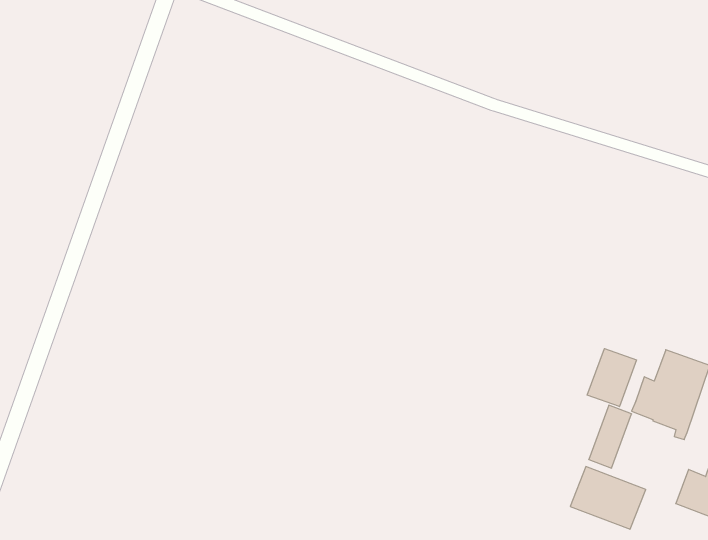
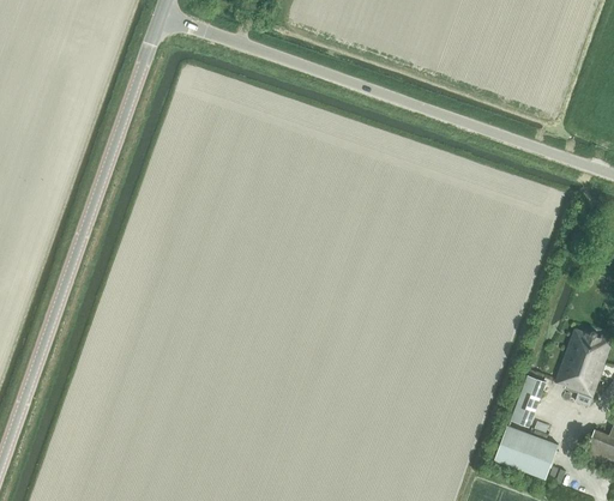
building: [587,349,637,407] -> none

